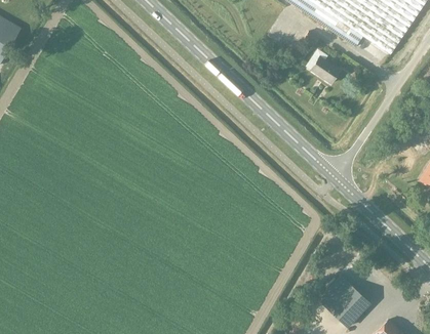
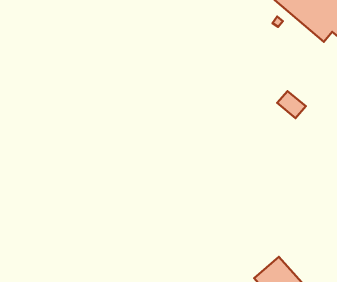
building: [311,55,341,82] -> [277,91,306,118]

